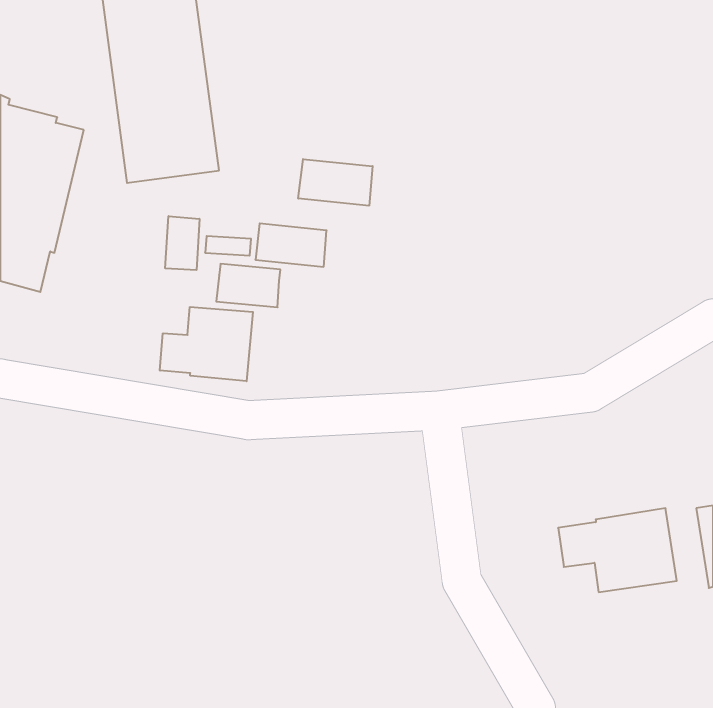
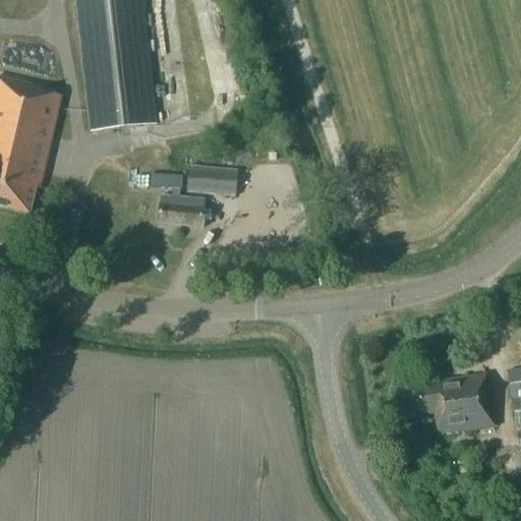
building: [298,159,373,206] -> none
building: [165,216,199,270] -> none
building: [160,307,253,381] -> none

